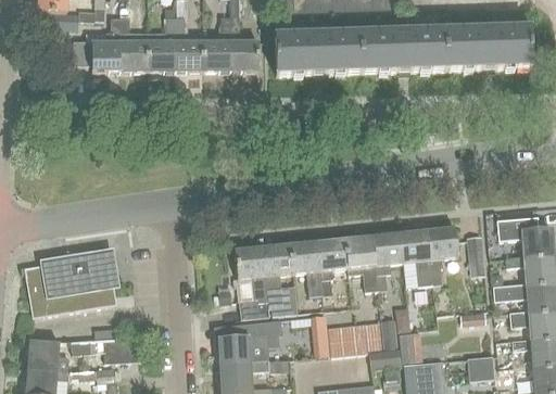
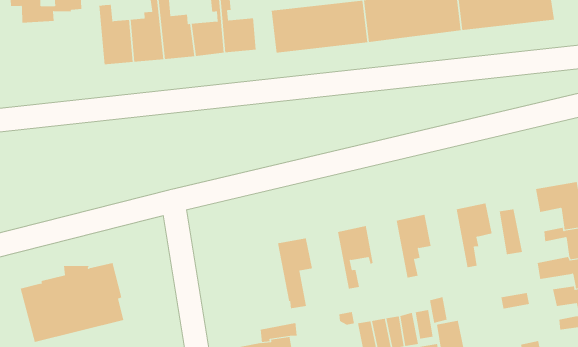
building: [73,16,118,71] -> none
building: [399,230,432,288] -> none
building: [344,236,377,291] -> none
building: [289,241,324,305] -> none
building: [235,246,269,318] -> none

